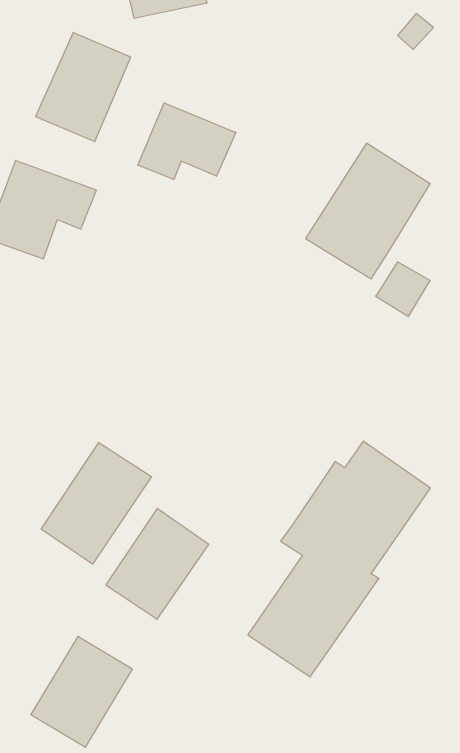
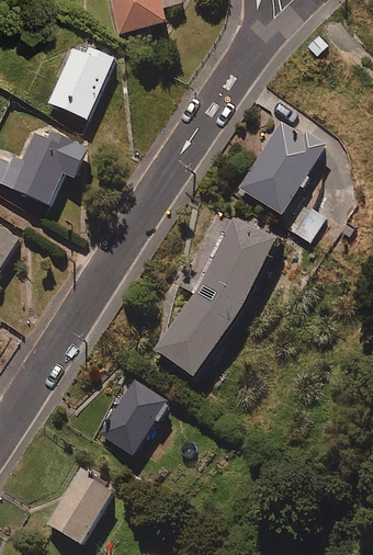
building: [138,103,236,180] -> none
building: [248,441,430,677] -> [154,213,282,378]
building: [41,442,152,564] -> none

